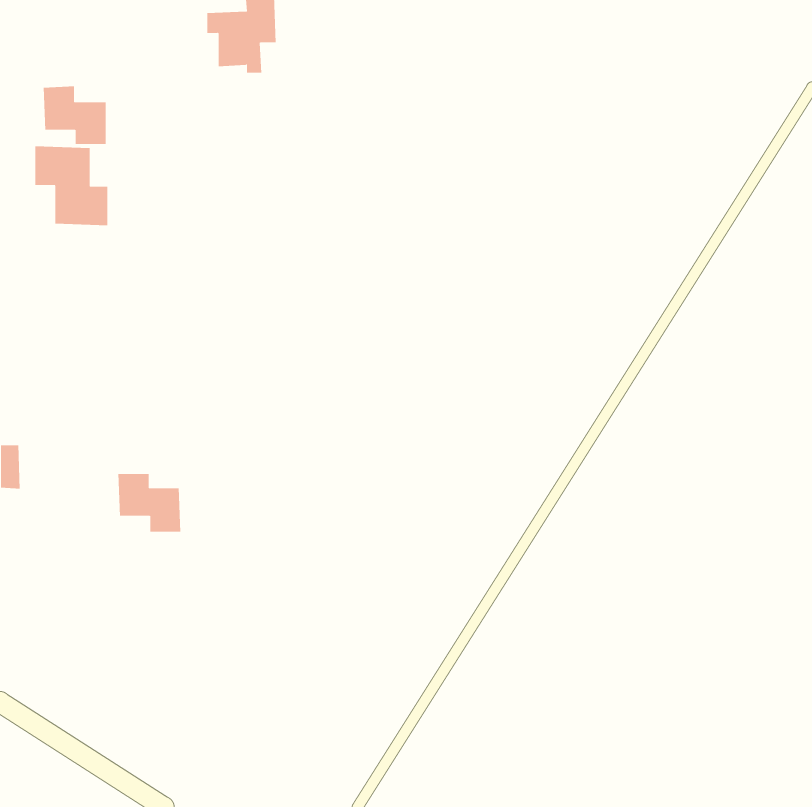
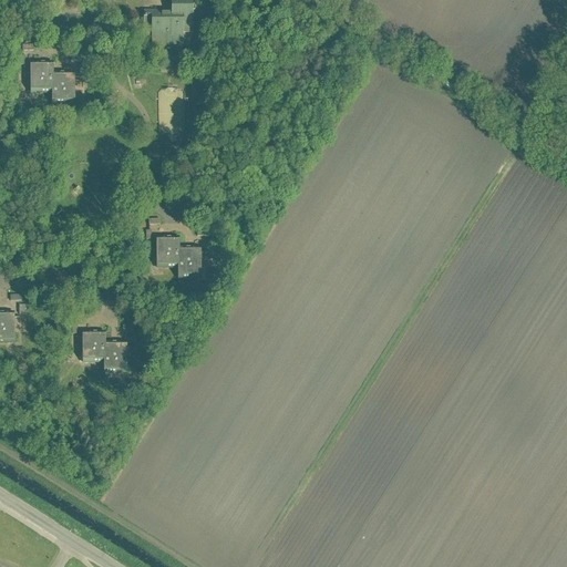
building: [35,146,108,226] -> none
building: none -> [156,235,200,276]

